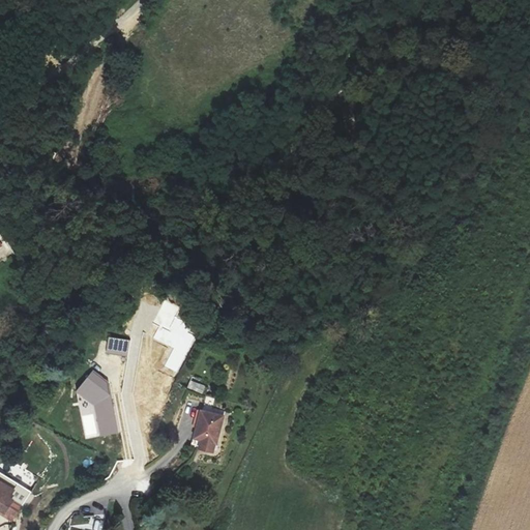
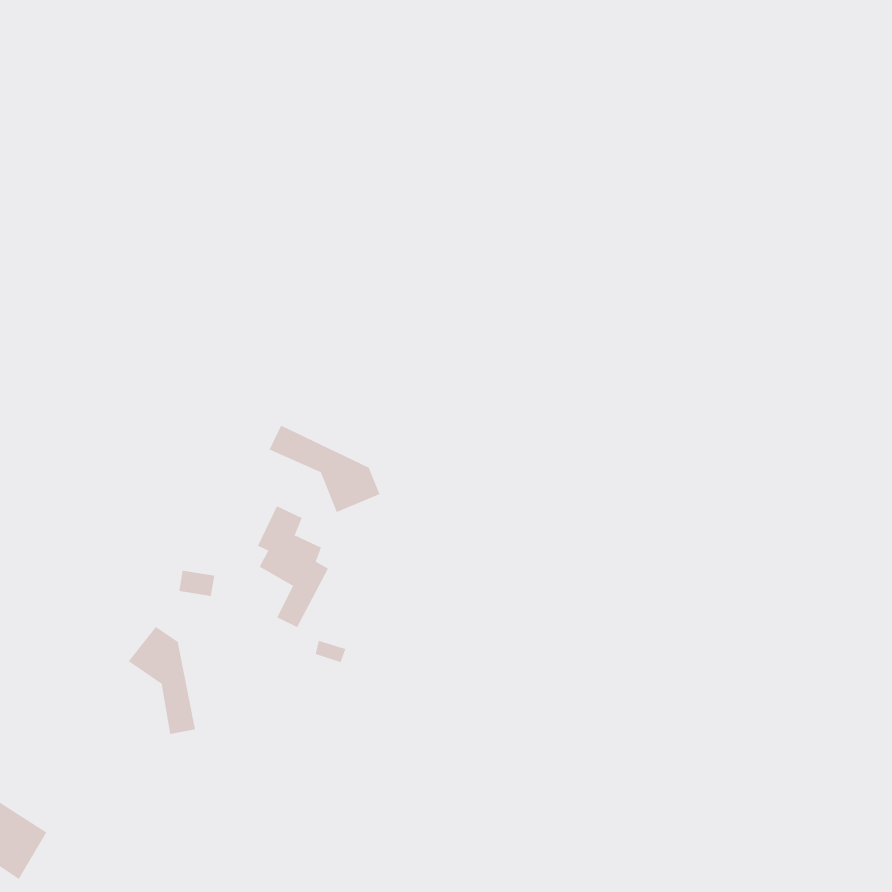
building: none -> [269,425,380,513]
building: [193,408,222,451] -> none

